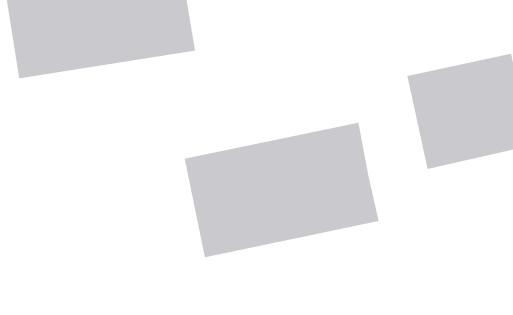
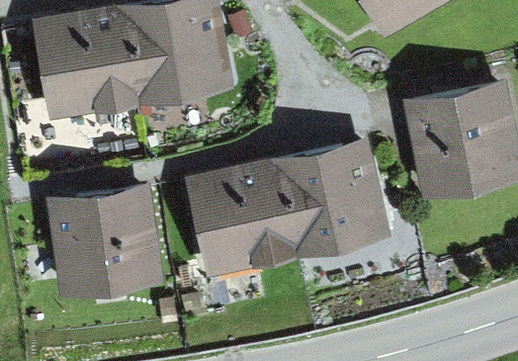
building: none -> [52,189,164,295]

